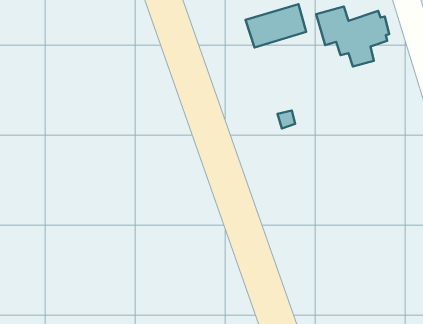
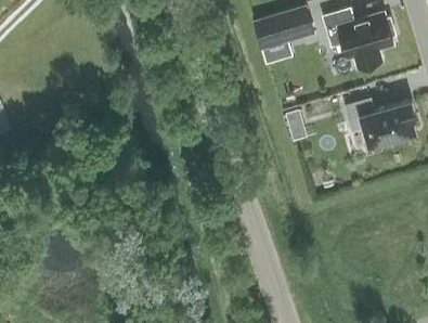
building: none -> [345,99,415,145]

